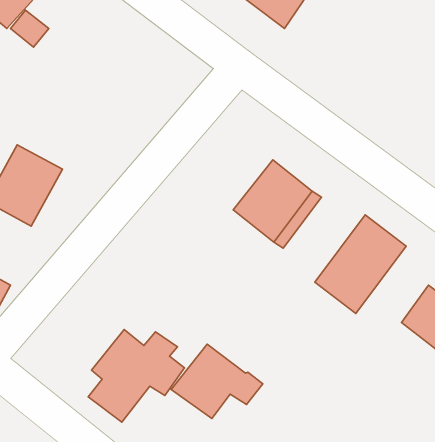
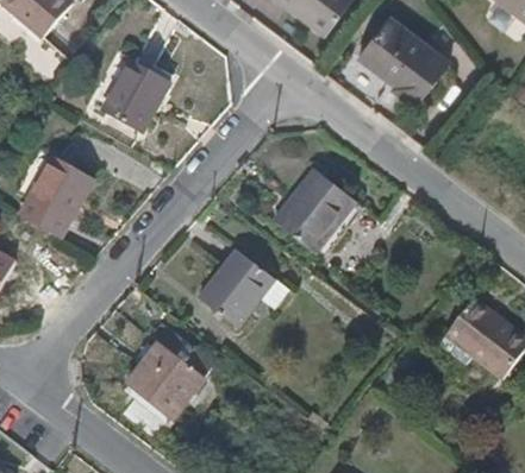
building: none -> [357,17,446,99]
building: none -> [101,58,167,131]
building: [315,215,406,313] -> none
building: [171,344,263,419] -> [195,250,289,326]

